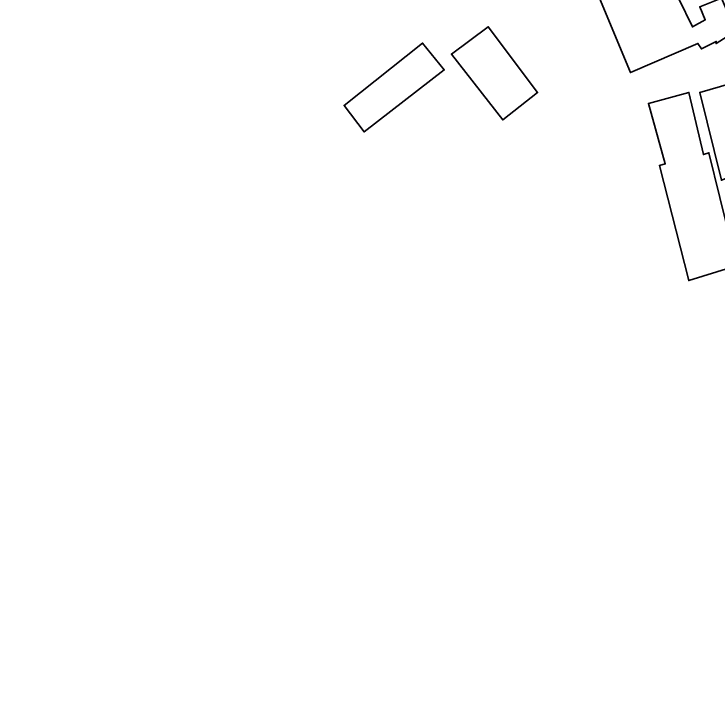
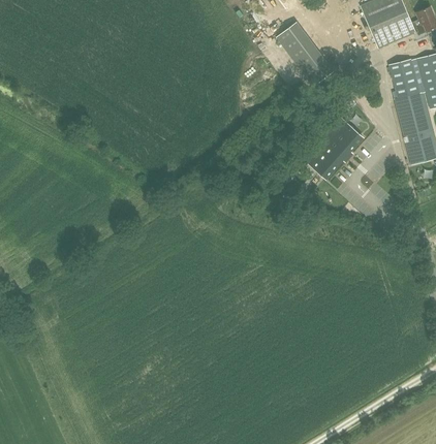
building: [344,43,444,132] -> none
building: none -> [307,121,363,179]

